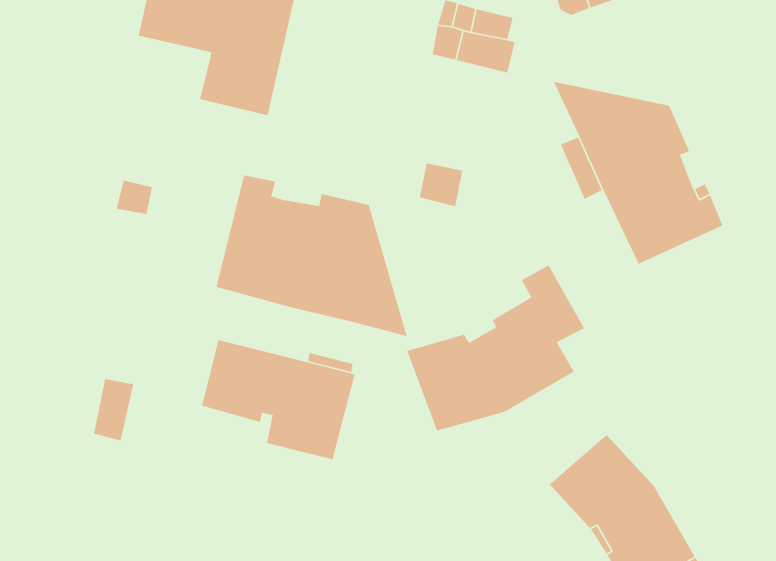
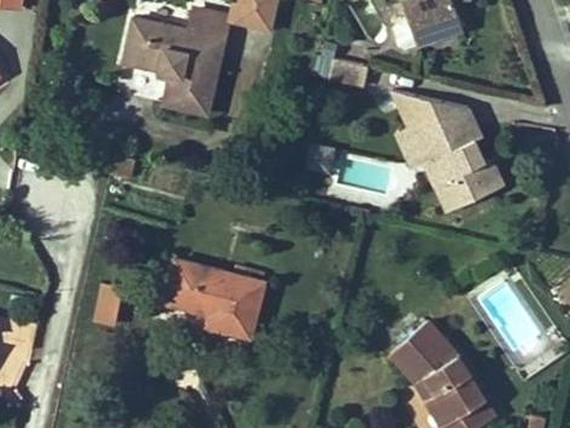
building: [215,175,408,337] -> none
building: [406,264,585,431] -> none

